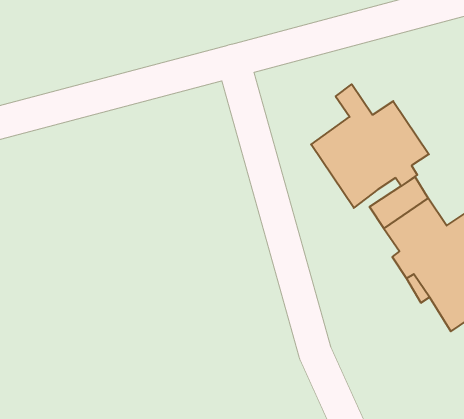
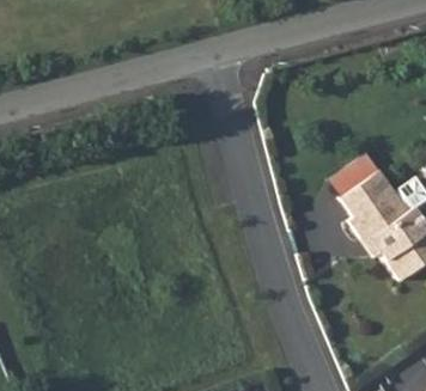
building: [311,84,429,208] -> none

